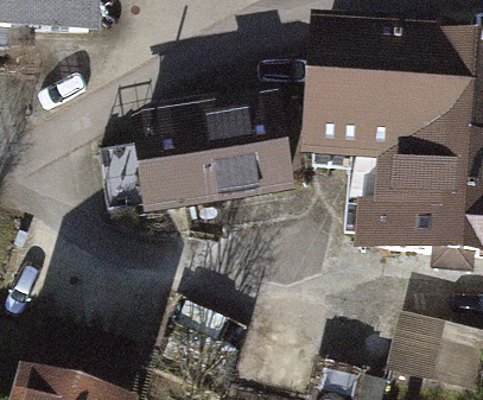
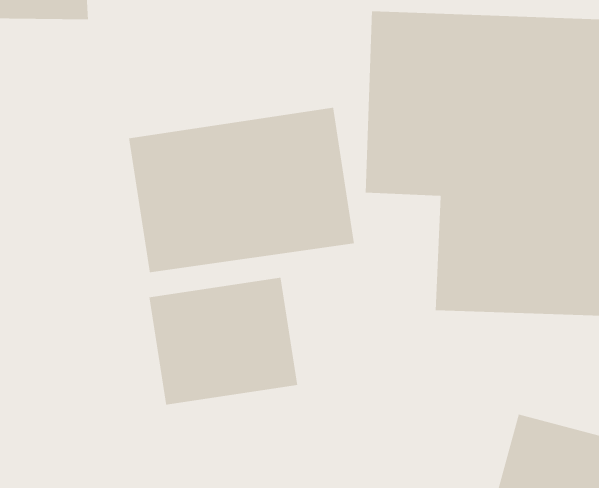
building: none -> [148,277,298,406]

